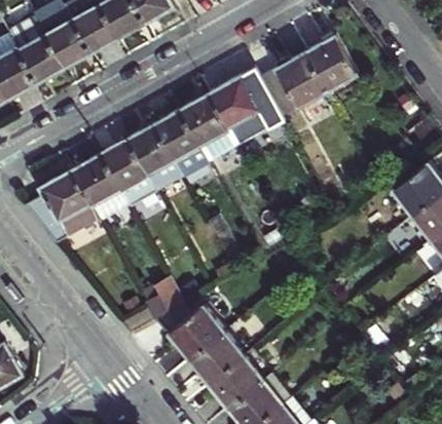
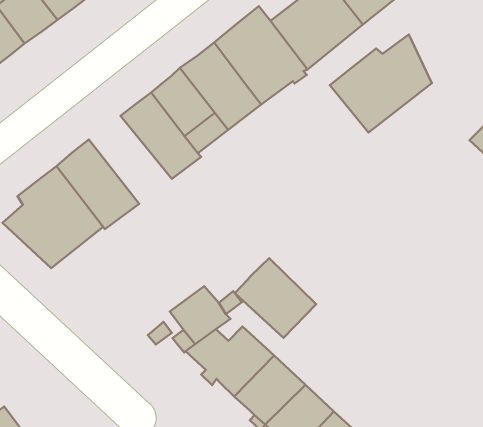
building: none -> [330,35,432,133]
building: [103,133,161,202] -> none
building: none -> [235,258,316,338]

